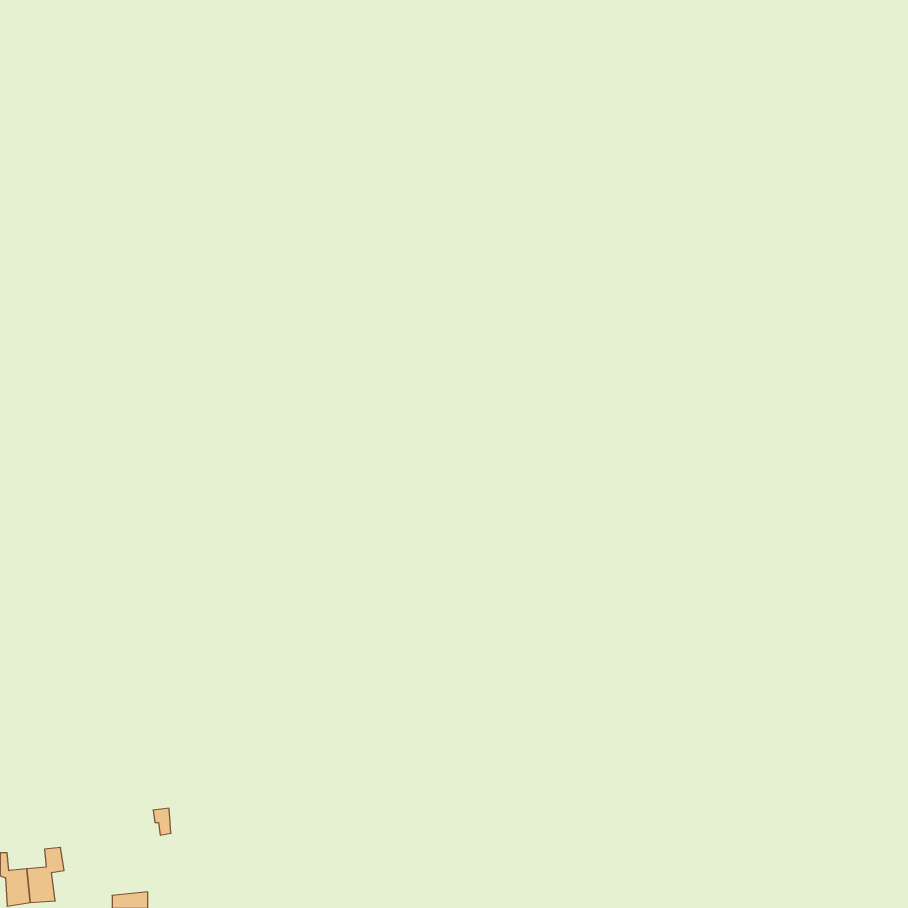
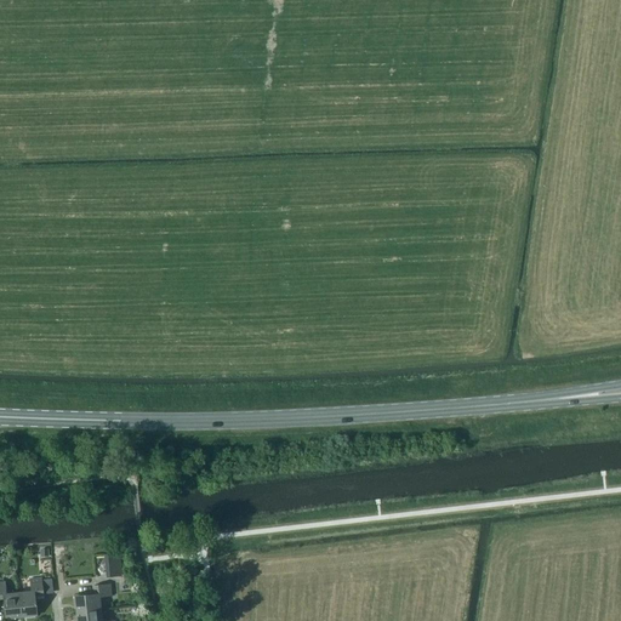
building: none -> [76,583,112,610]

